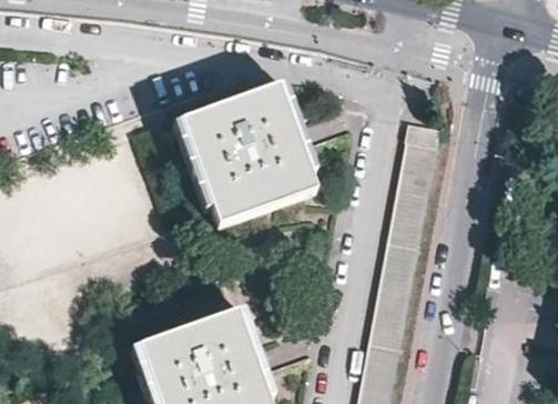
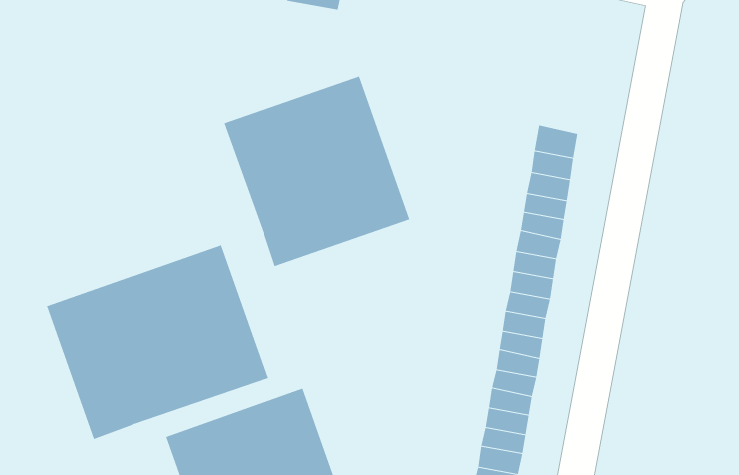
building: none -> [46,244,269,440]

